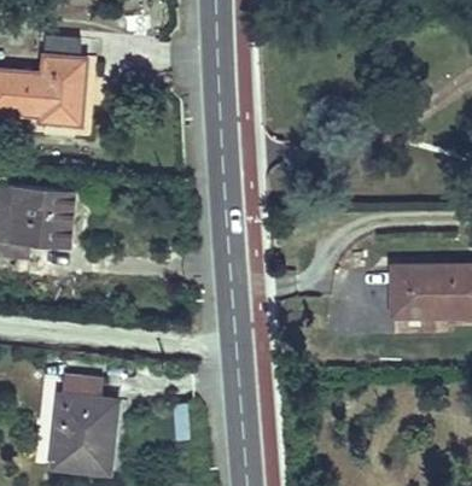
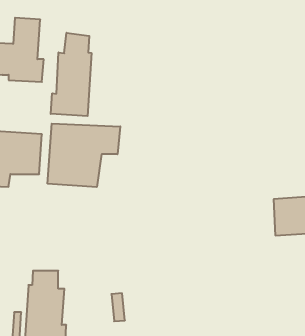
building: none -> [51,33,91,116]
building: none -> [48,124,120,187]

